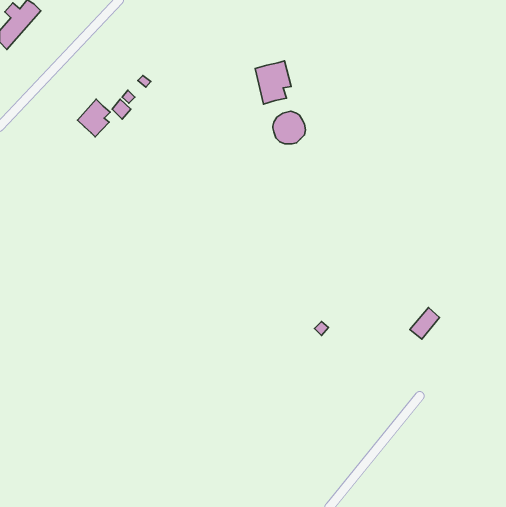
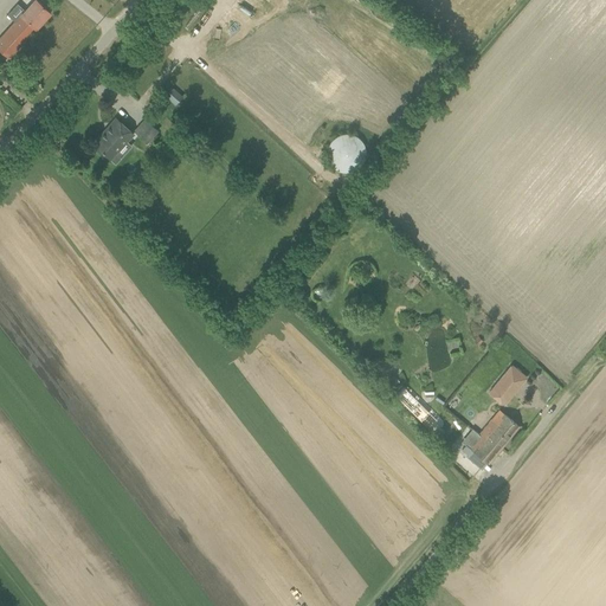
building: [255,61,291,104] -> none
building: none -> [469,414,517,464]

